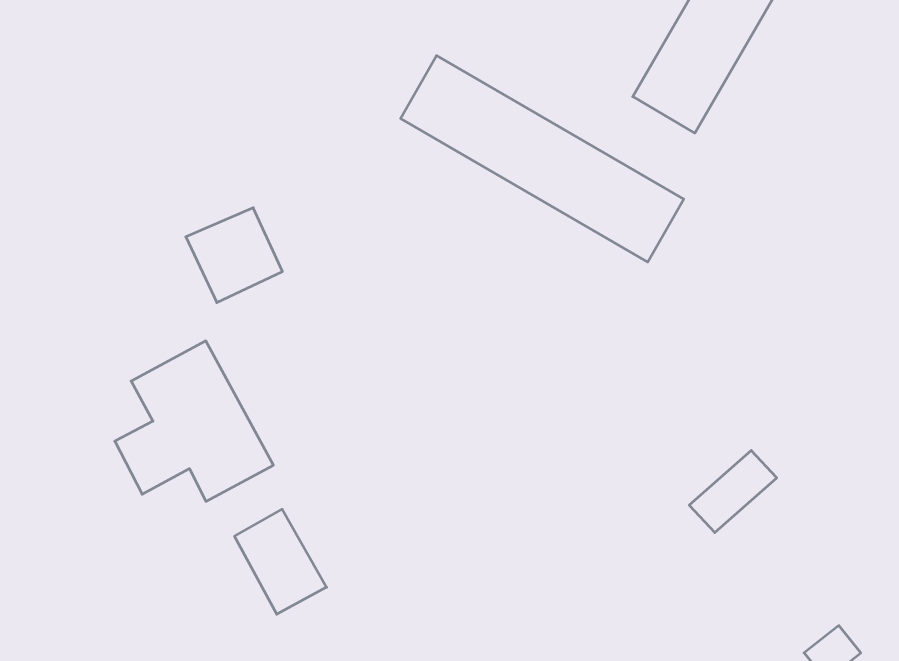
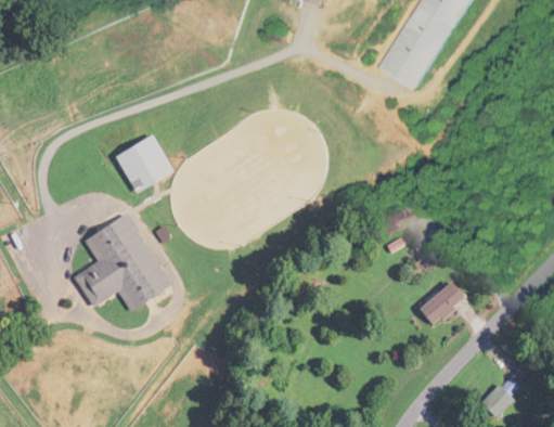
building: [401,56,684,262] -> none
building: [235,509,327,614] -> none

